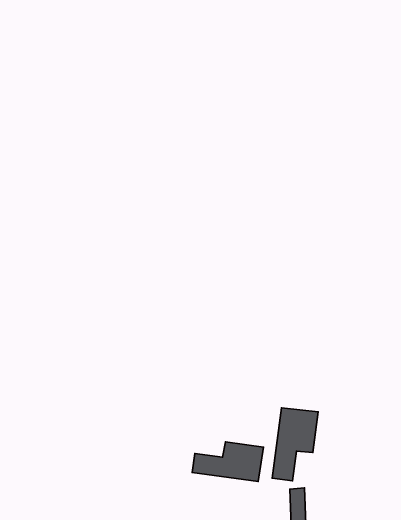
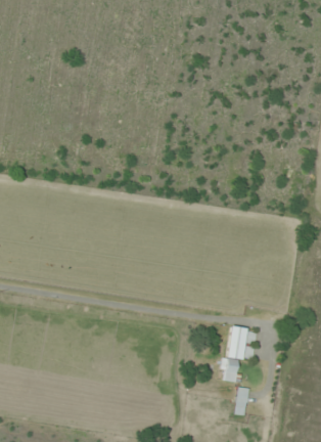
building: [192,442,263,481] -> none

